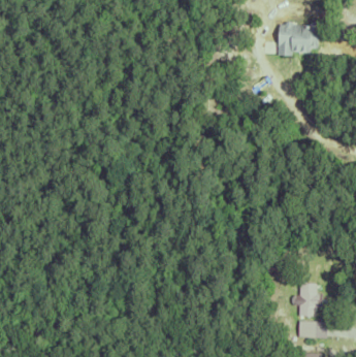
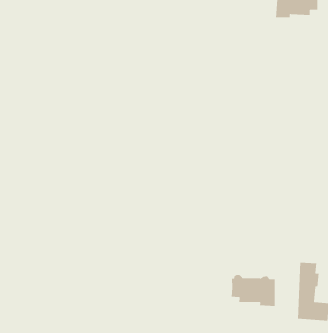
building: none -> [231,274,276,307]

